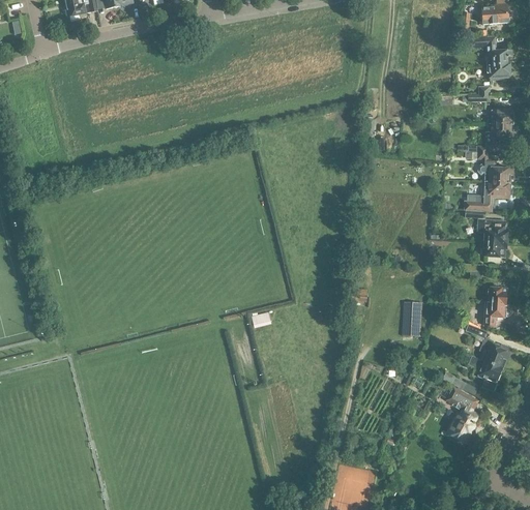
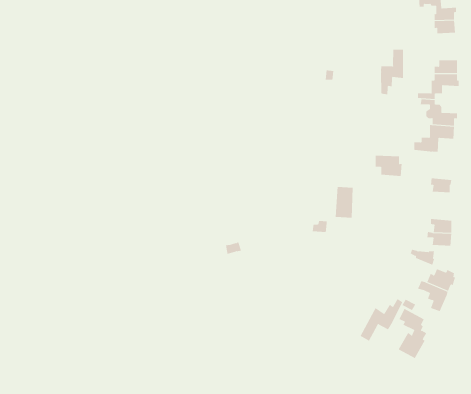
building: none -> [381,49,404,95]
building: [477,218,508,242] -> [375,155,403,177]
building: [402,301,422,336] -> [335,187,353,218]
building: none -> [360,298,403,341]

